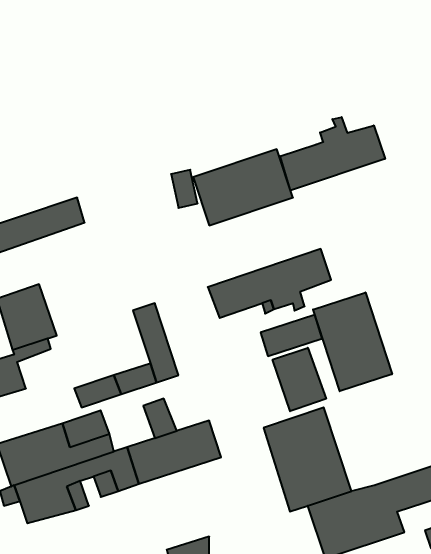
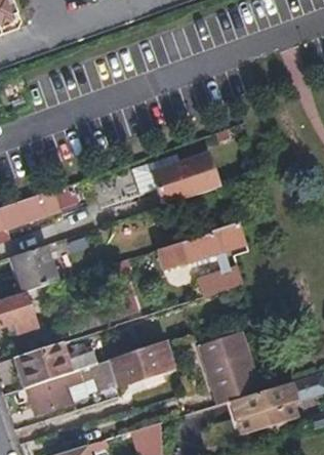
building: [280,117,385,190] -> none
building: [313,292,392,391] -> none
building: [273,348,326,411] -> none

